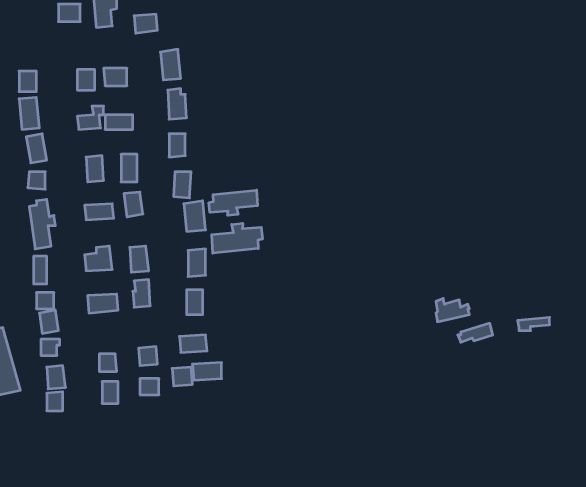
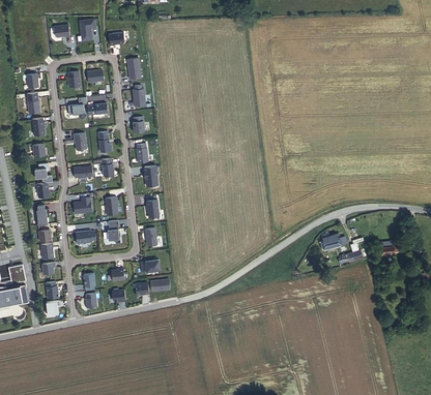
building: [209,190,257,215] -> none
building: [212,223,262,253] -> none

